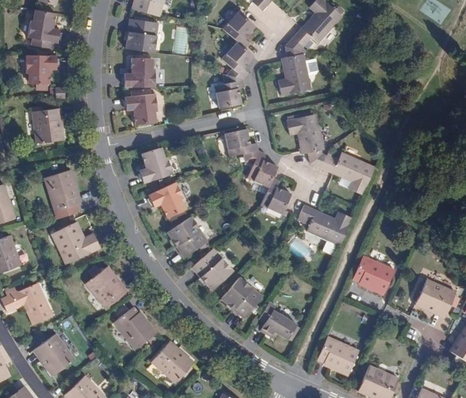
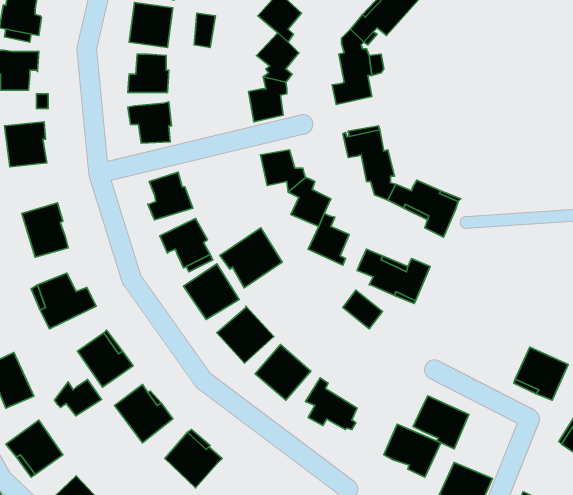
building: none -> [220,228,282,288]
building: [352,255,394,295] -> [413,396,469,449]
building: none -> [54,379,102,416]

